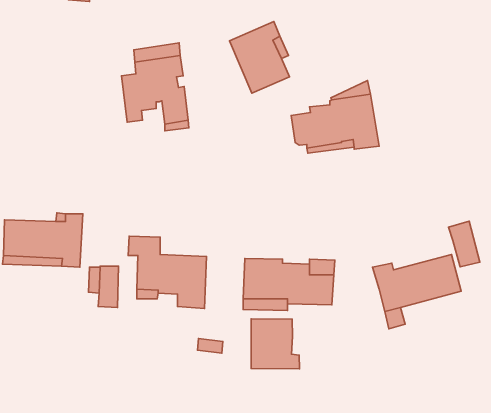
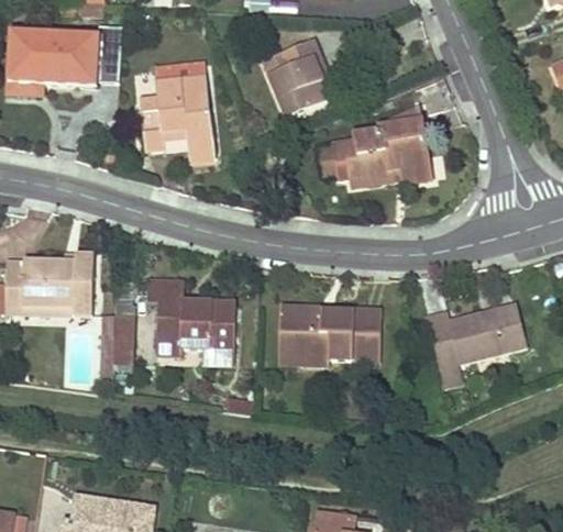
building: none -> [7,26,121,96]
building: [449,221,480,267] -> none
building: [251,319,300,369] -> none

